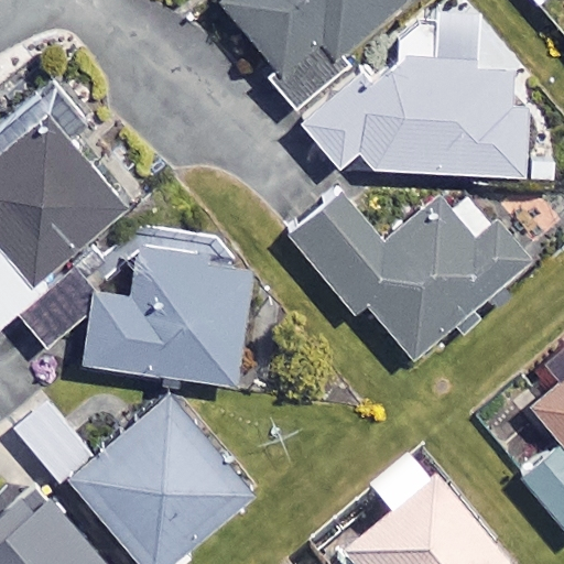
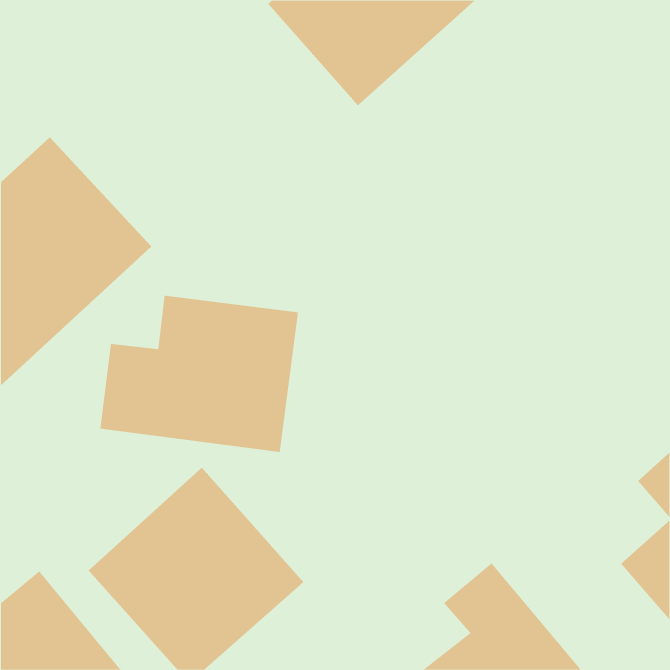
building: [304,36,528,172] -> none
building: [293,197,532,358] -> none

